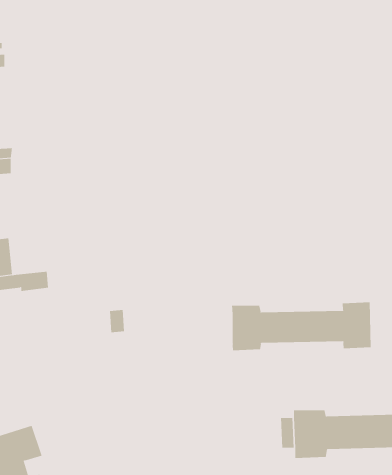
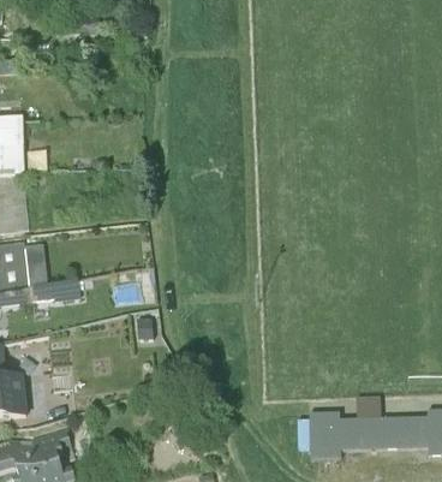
building: [232,302,371,351] -> none

